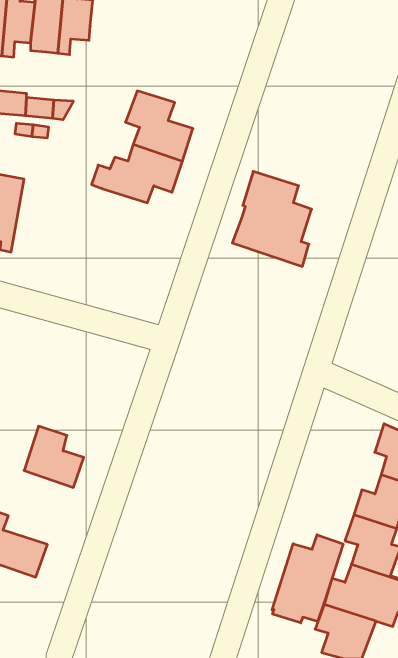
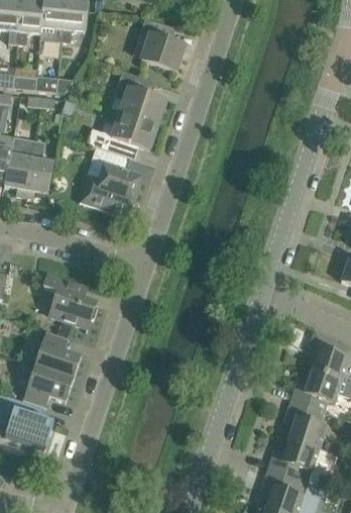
building: none -> [140,17,185,71]
building: [232,171,312,266] -> [79,146,140,220]
building: none -> [24,139,53,198]
building: none -> [42,275,95,331]
building: none -> [22,366,73,407]
building: [272,535,343,623] -> none

